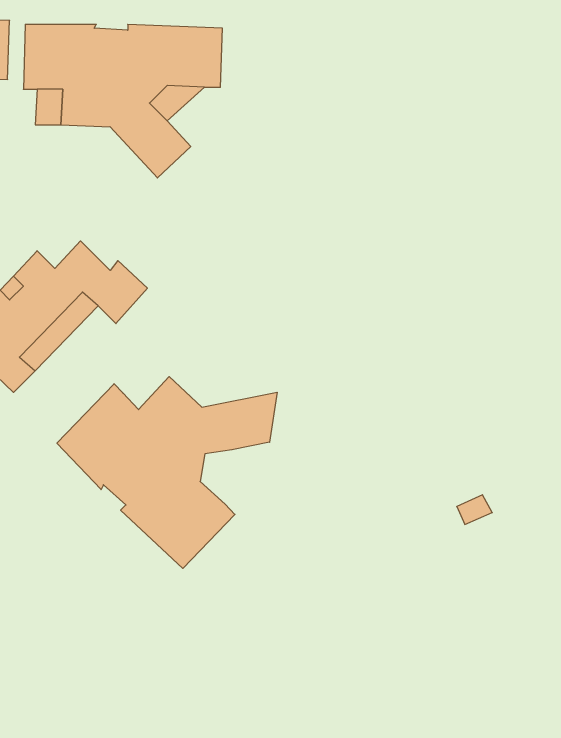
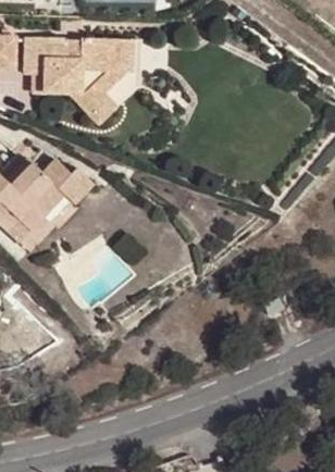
building: [57,377,277,568] -> none

